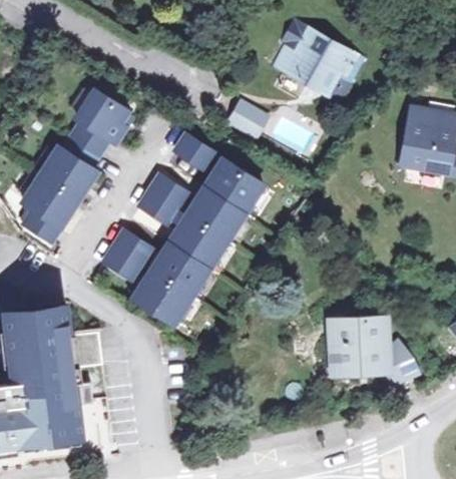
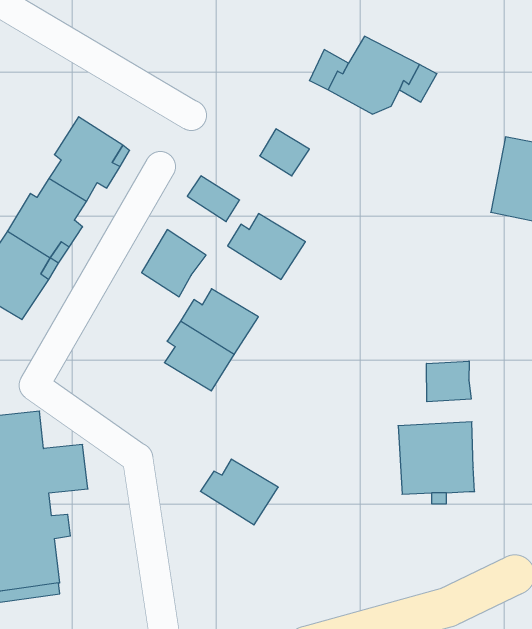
building: [193,186,246,240] -> none
building: [106,230,153,280] -> none
building: none -> [427,361,471,402]
building: [135,274,193,323] -> [200,459,278,525]
building: [386,342,419,386] -> none

